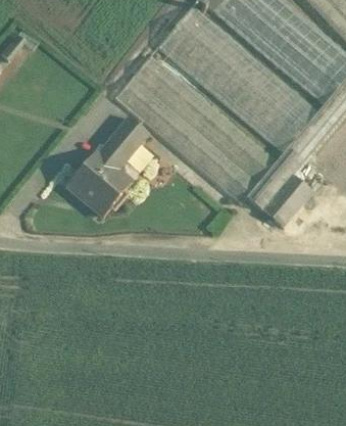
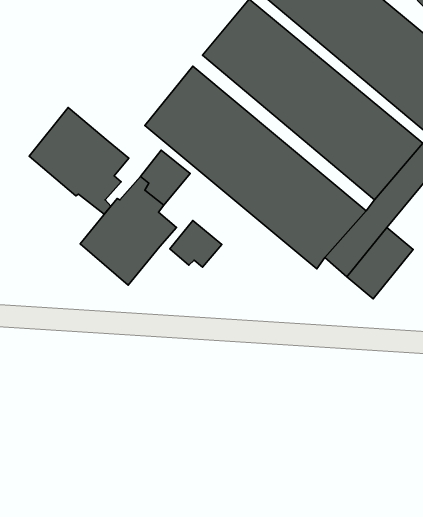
building: none -> [29,108,129,214]
building: none -> [170,220,222,267]

